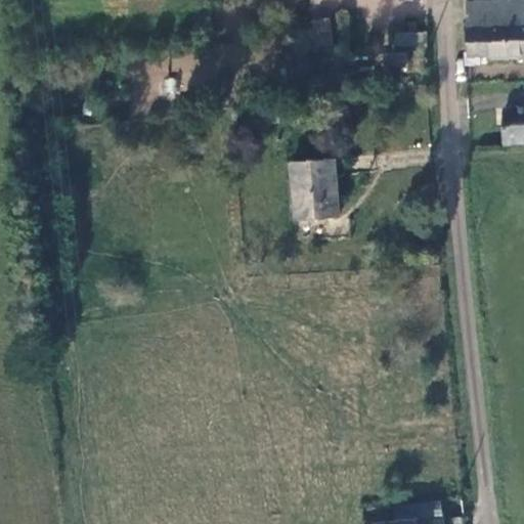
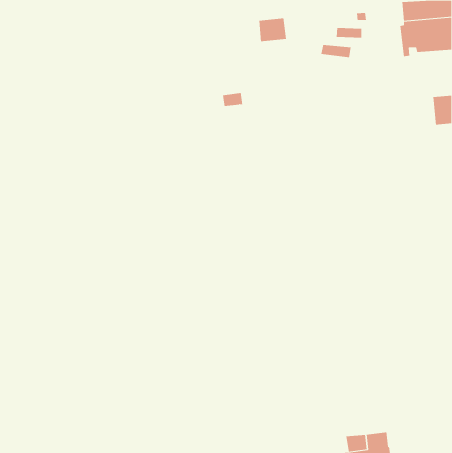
building: [297,158,344,221] -> none

